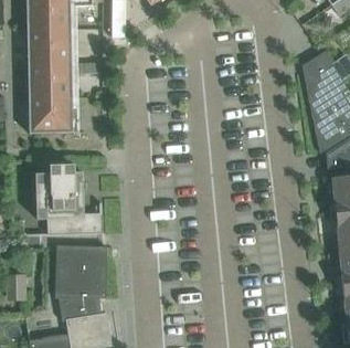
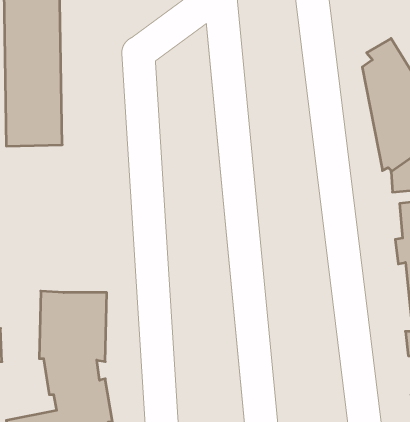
building: [35,166,103,235] -> none

